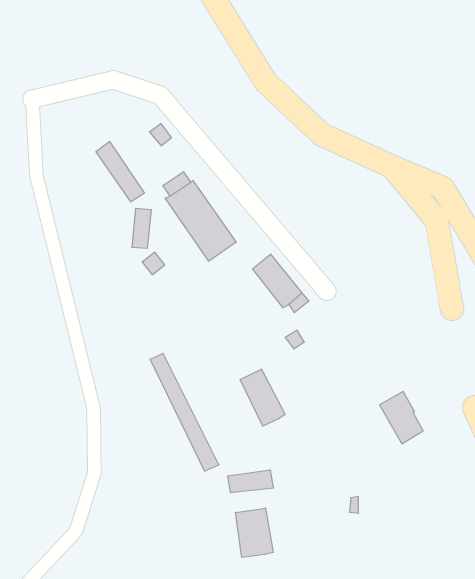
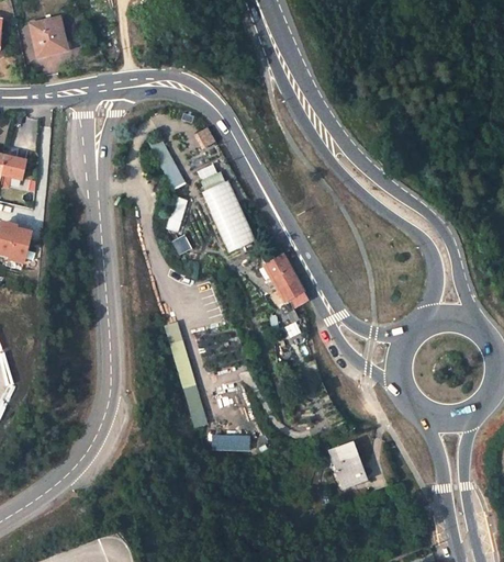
building: [240,369,285,426] -> none
building: [380,391,423,444] -> [329,443,362,487]
building: [235,508,273,557] -> none

